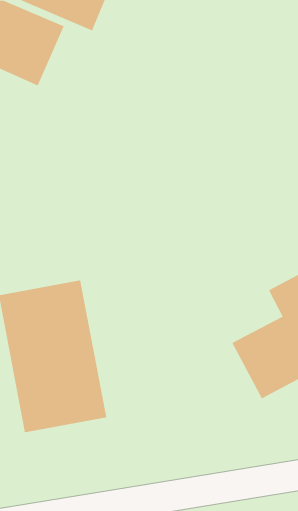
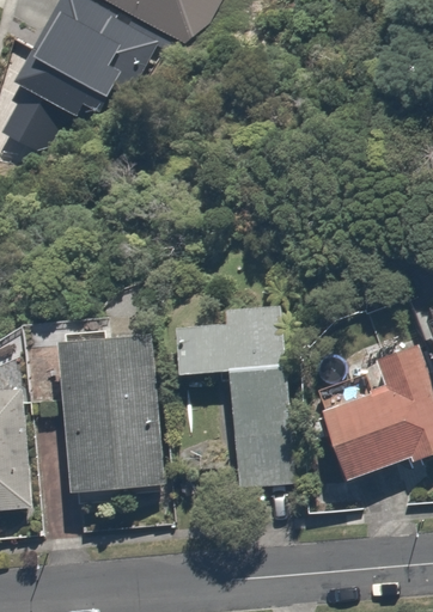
building: none -> [175,298,295,485]

